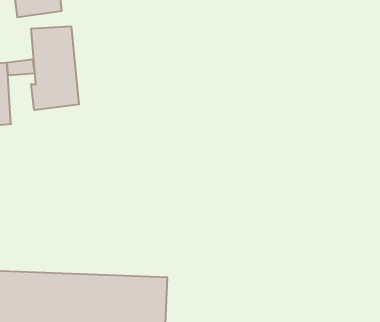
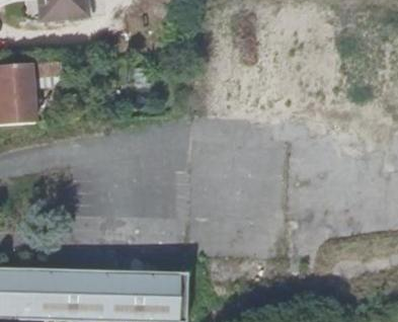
building: [31,26,79,110] -> none

